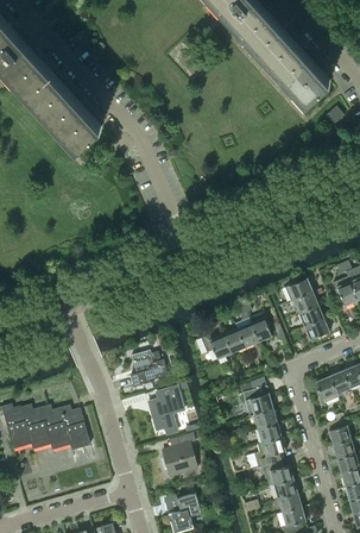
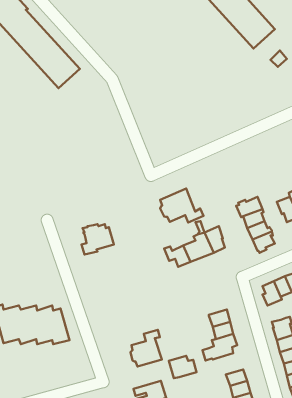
building: none -> [160,189,203,223]
building: [131,351,169,387] -> [81,224,114,254]
building: [242,377,274,416] -> none
building: [149,387,184,434] -> none
building: [261,460,293,487] -> [169,356,196,378]

